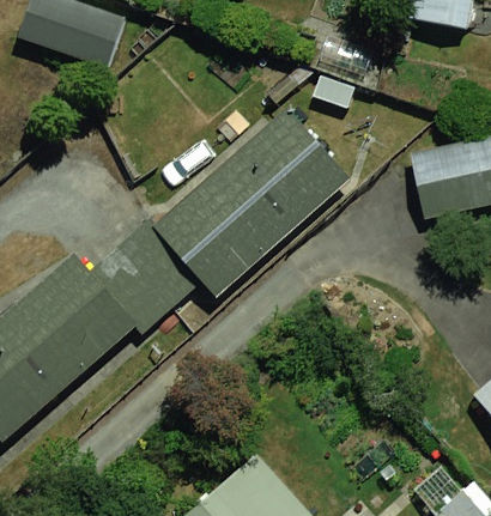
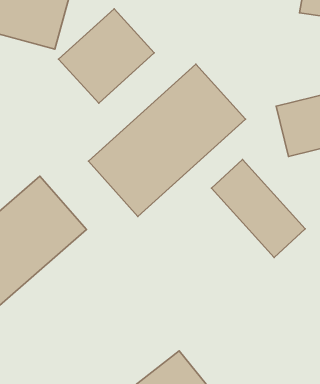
building: none -> [58,9,154,103]
building: none -> [211,160,305,257]

